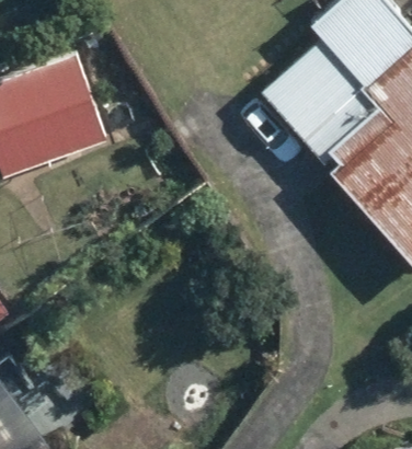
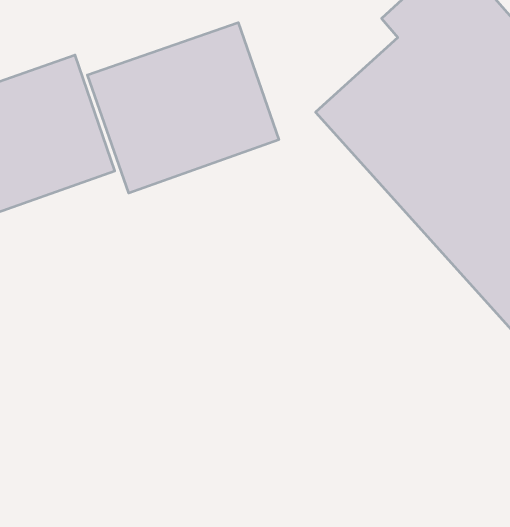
building: none -> [87,23,279,193]

